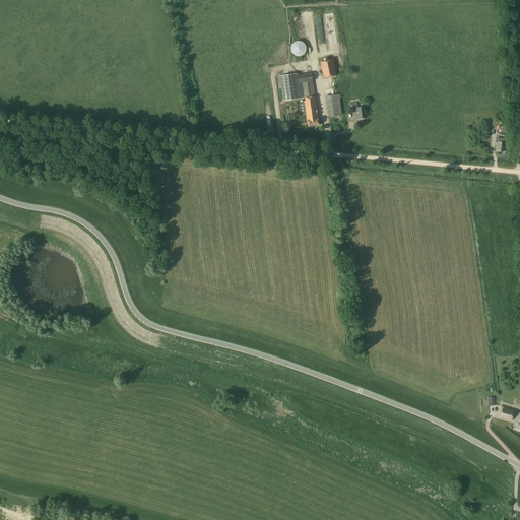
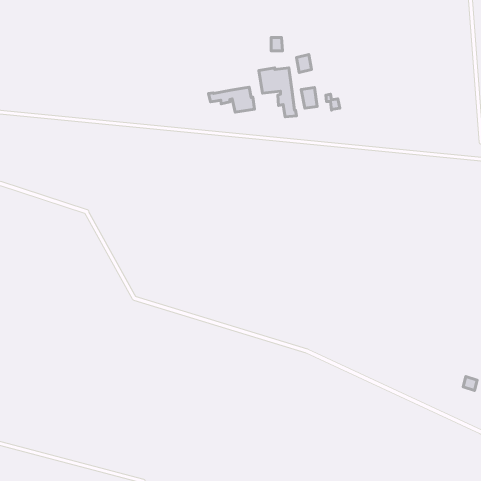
building: none -> [208,87,254,112]

